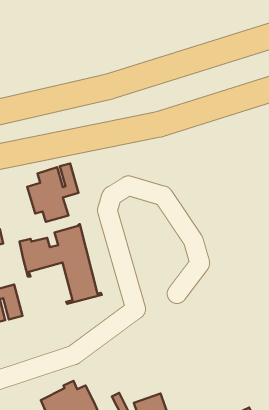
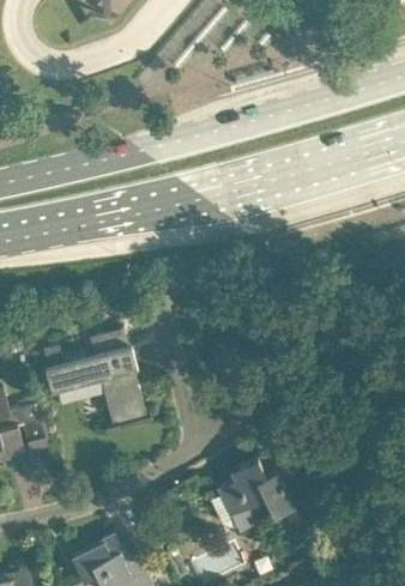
building: [27,163,79,222] -> none
building: none -> [210,458,318,533]

